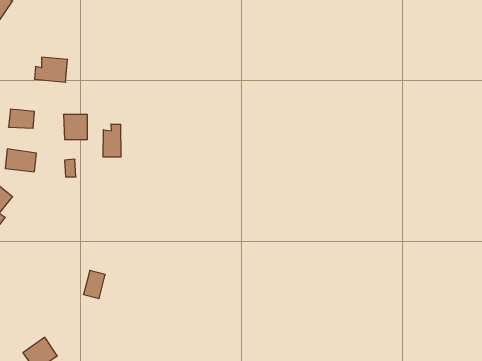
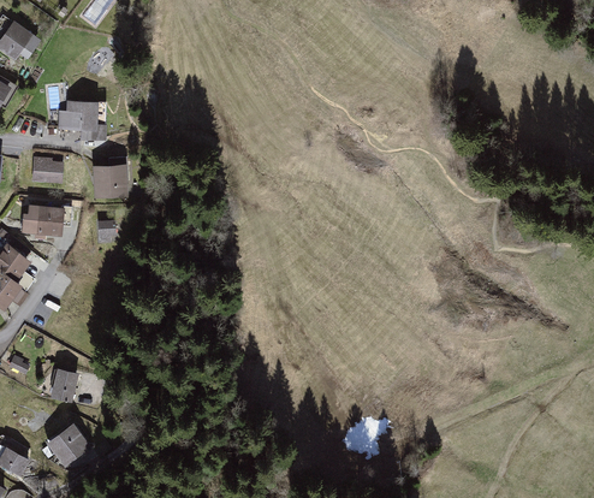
building: [103,124,121,157] -> none
building: [83,270,105,299] -> [51,368,76,401]

